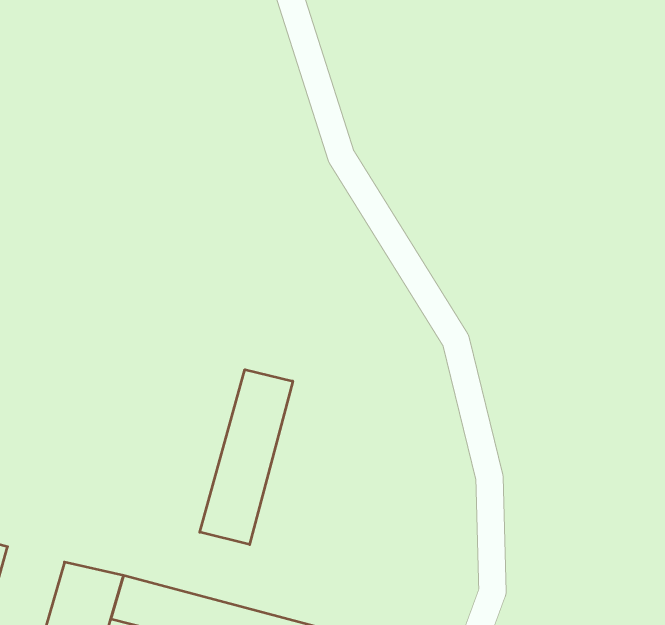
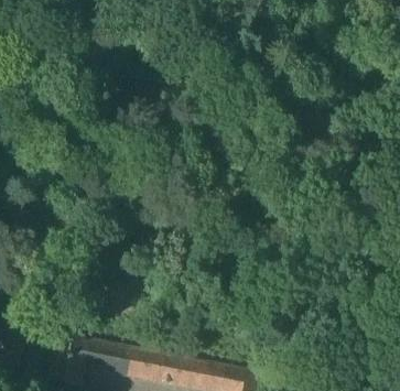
building: [200,370,293,545] -> none

